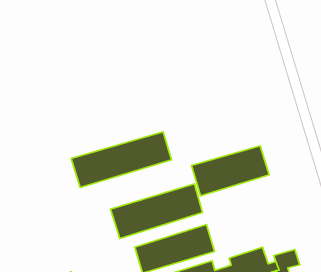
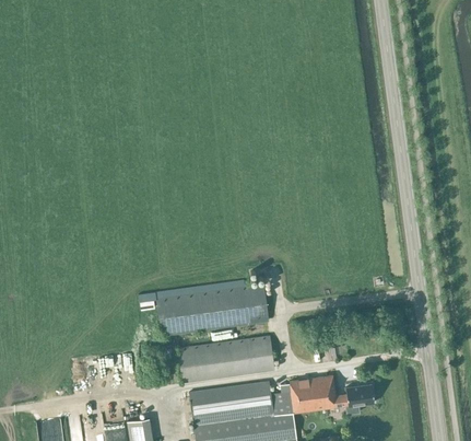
building: [71,132,172,187] -> none
building: [192,146,269,196] -> none

